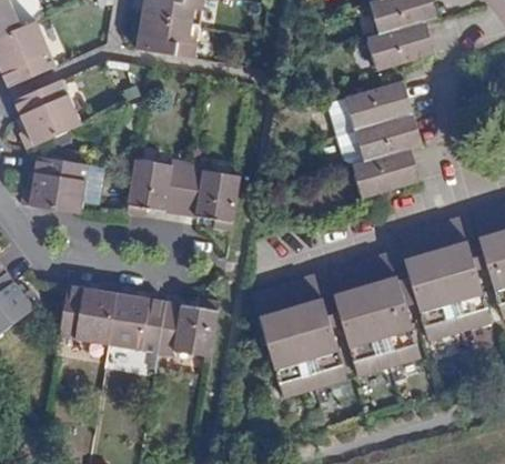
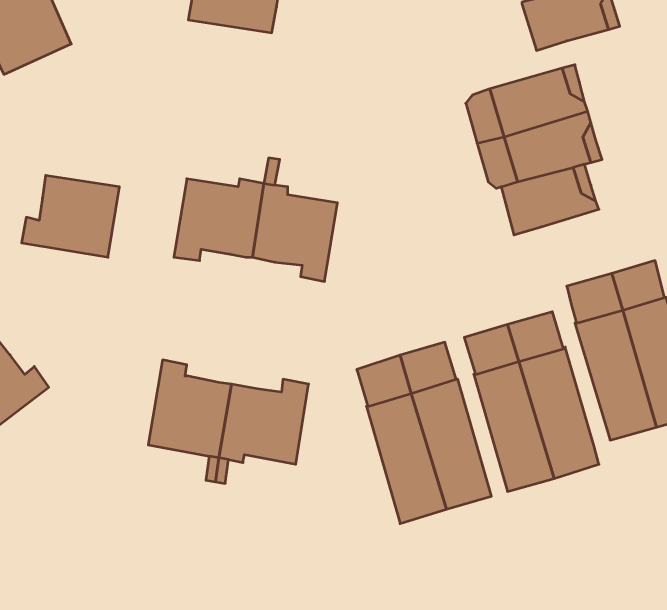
building: [13,79,81,149] -> none
building: [59,282,118,343] -> none

